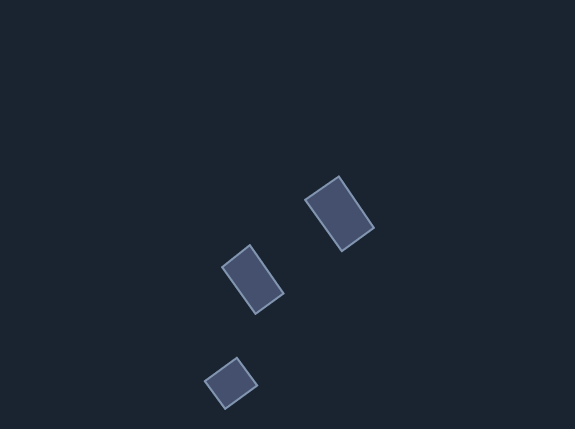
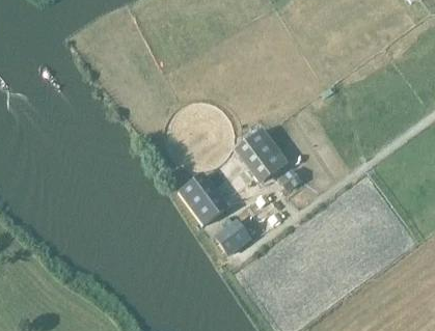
building: [205,358,257,409] -> [213,219,250,255]

